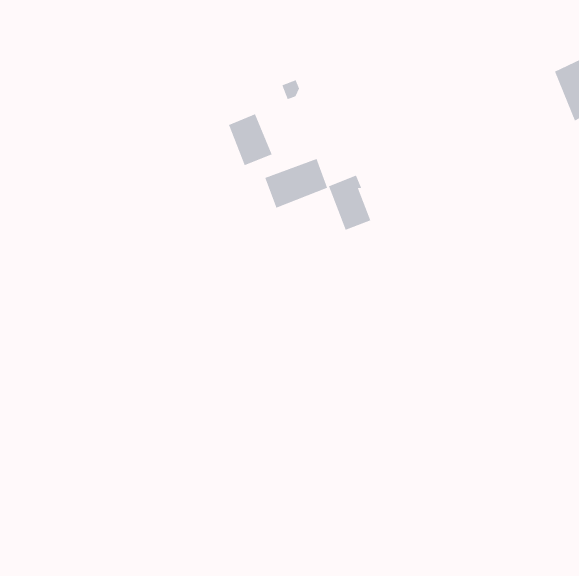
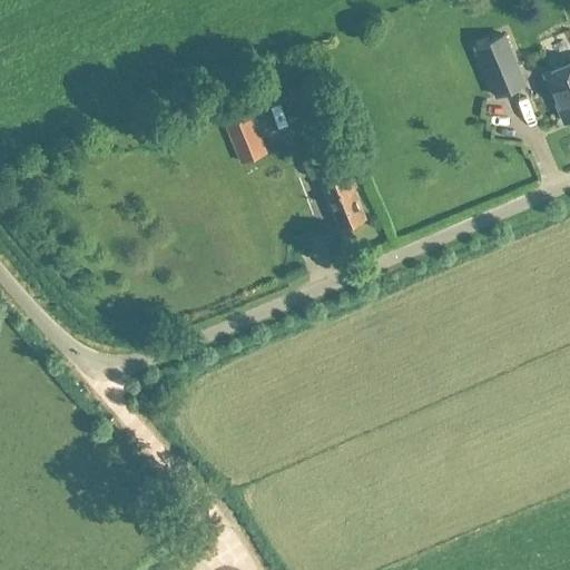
building: none -> [474,36,528,100]
building: [264,158,328,208] -> none

